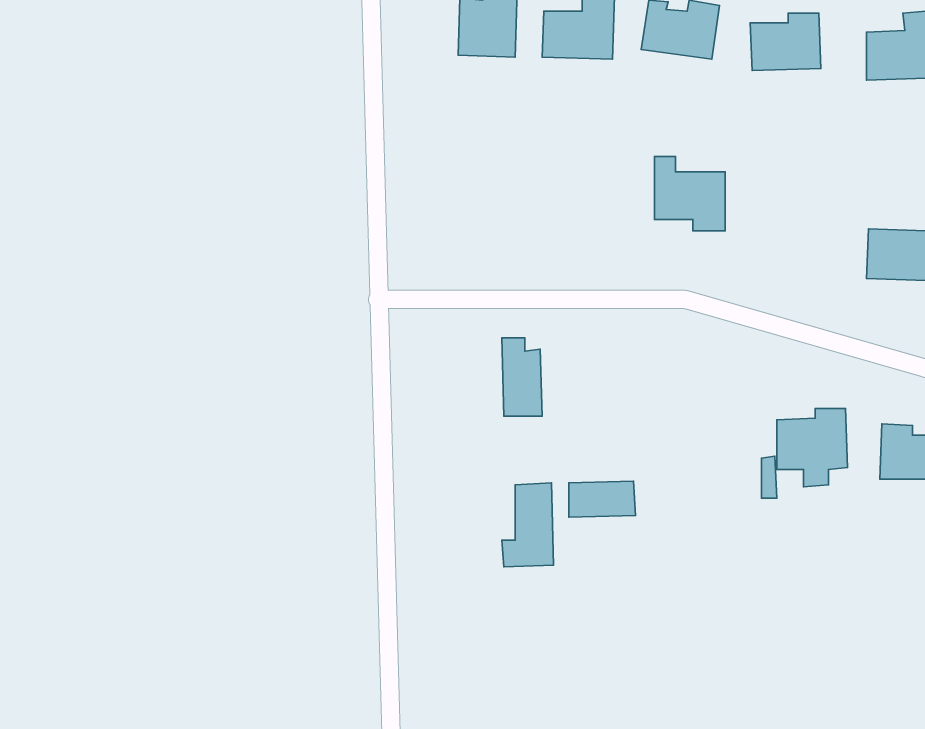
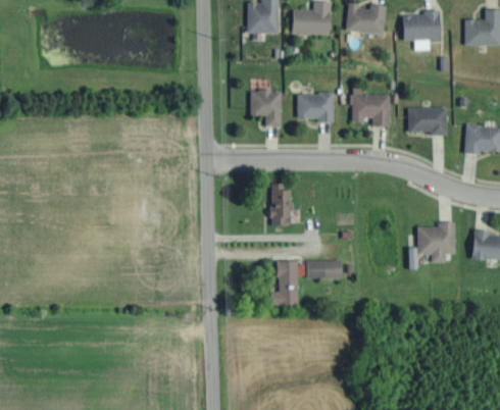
building: none -> [250,90,282,125]
building: none -> [297,92,335,119]
building: none -> [408,107,447,135]

